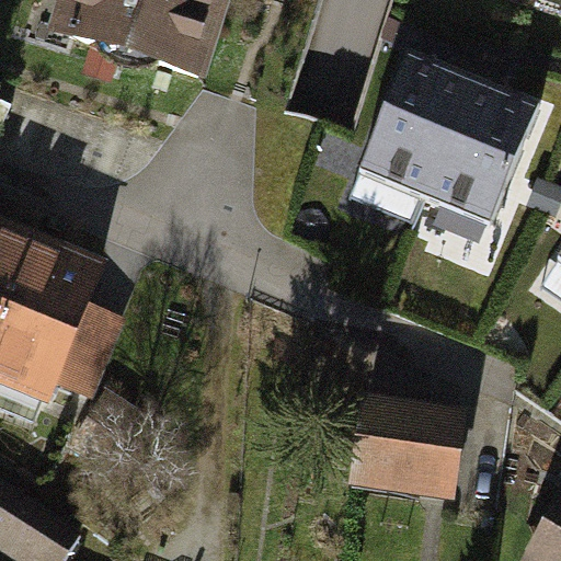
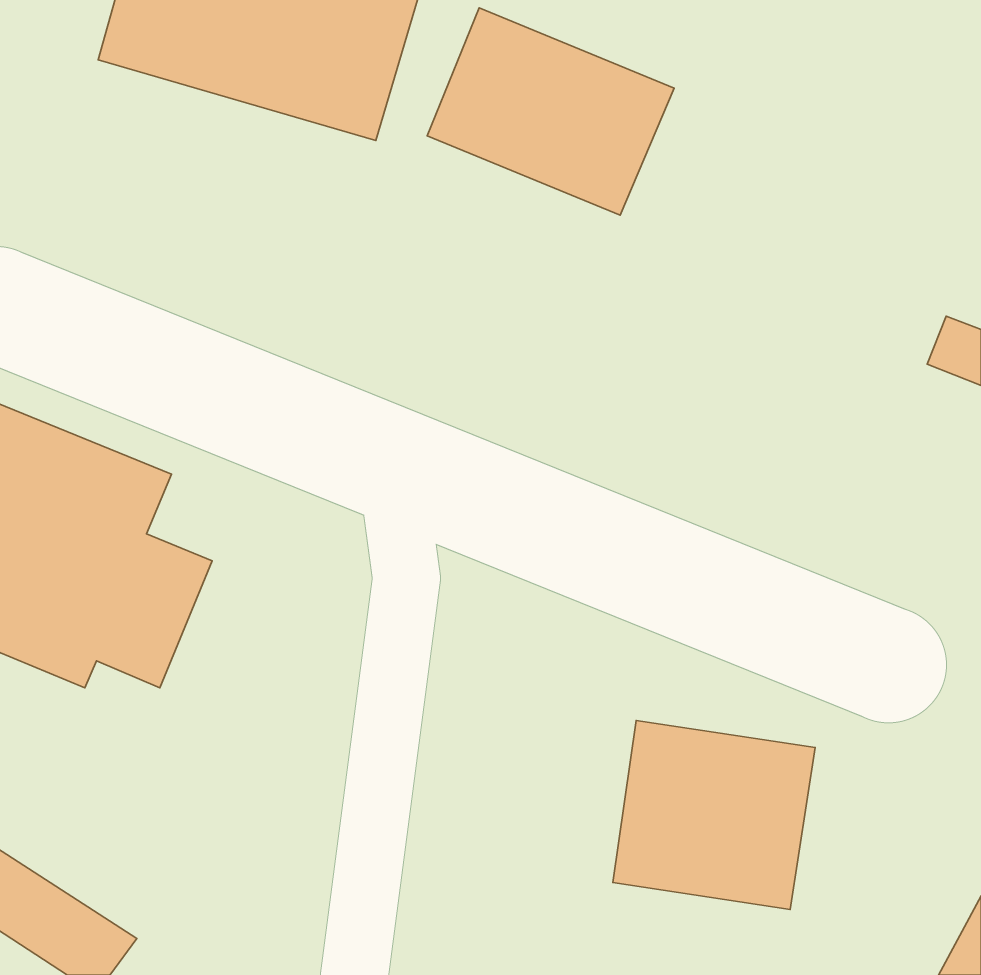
building: none -> [427,8,674,215]
building: [355,48,536,225] -> none

